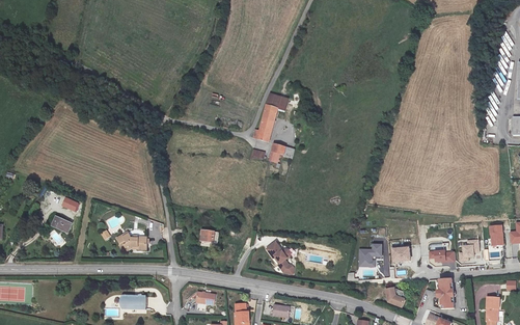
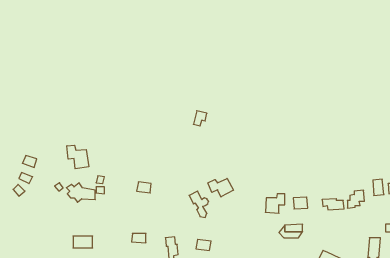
building: [253,103,279,139] -> none
building: none -> [67,145,89,169]
building: none -> [208,178,233,197]
building: [438,278,454,307] -> none

